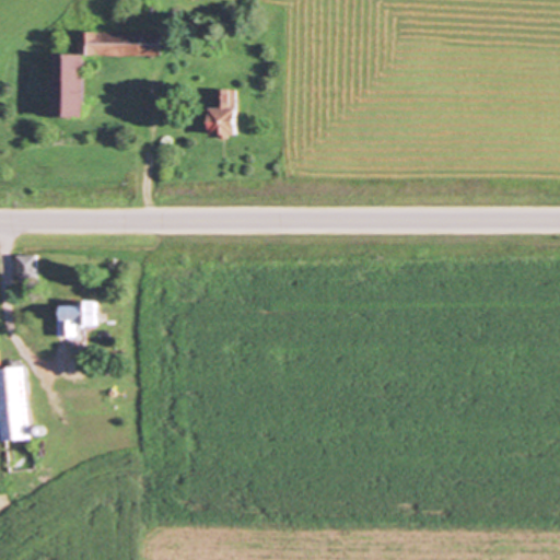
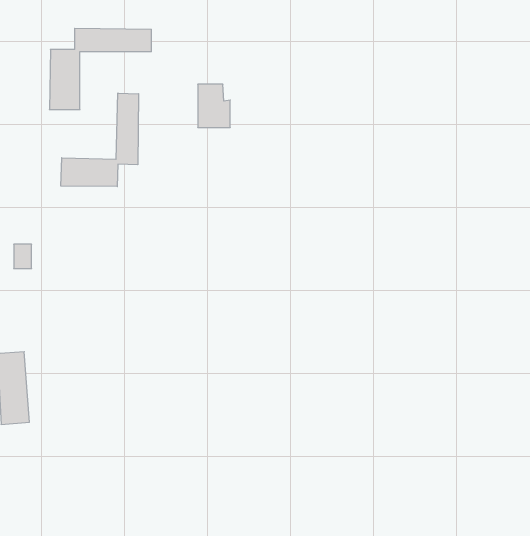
building: none -> [61,93,139,187]
building: [54,302,95,339] -> none

